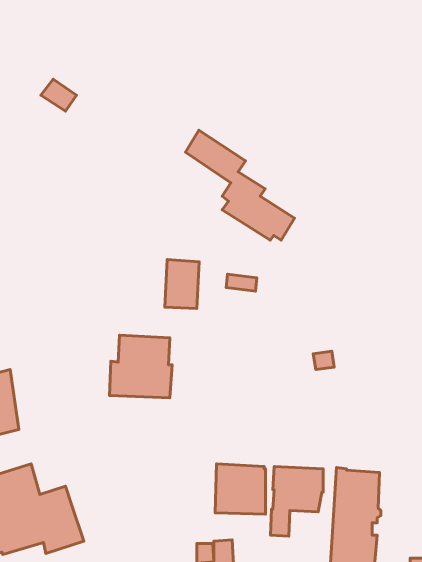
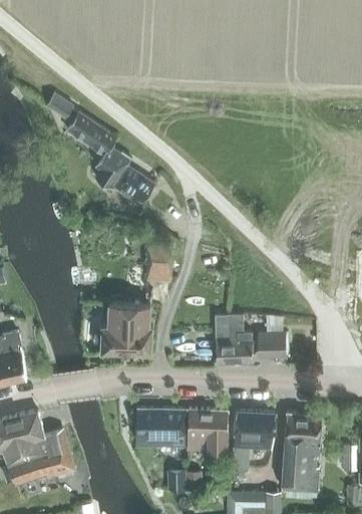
building: [185,130,295,240] -> [64,111,153,202]
building: none -> [215,314,252,362]
building: none -> [258,332,286,359]
building: none -> [135,409,186,446]

